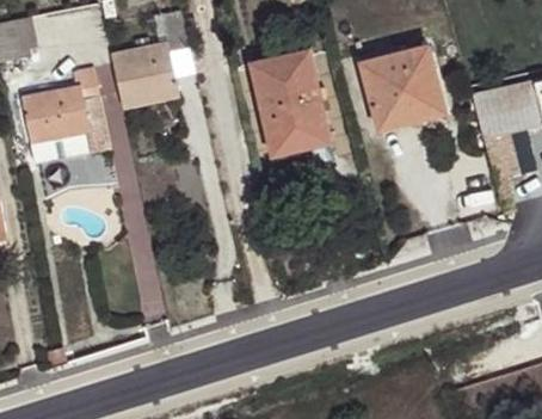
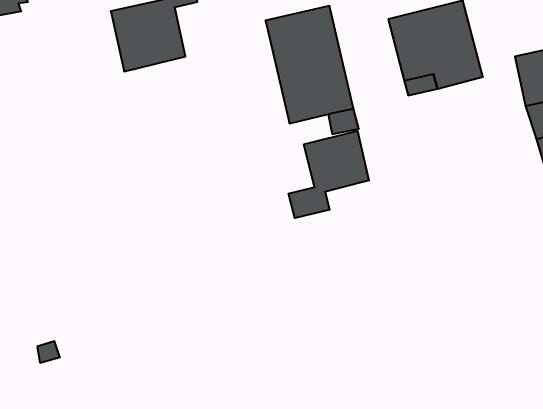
building: [20,67,107,148] -> none
building: none -> [288,131,369,218]

